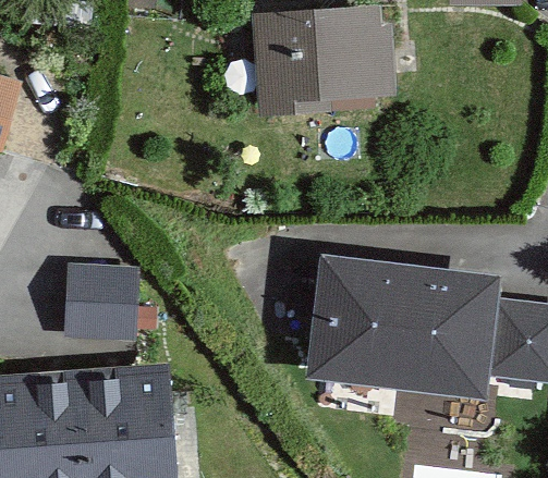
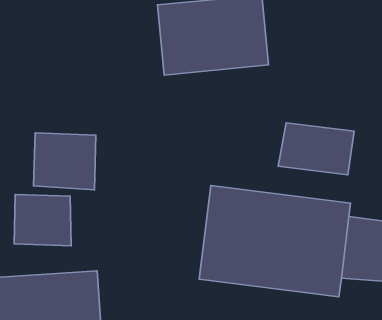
building: none -> [278,123,354,175]
building: none -> [34,133,96,190]

